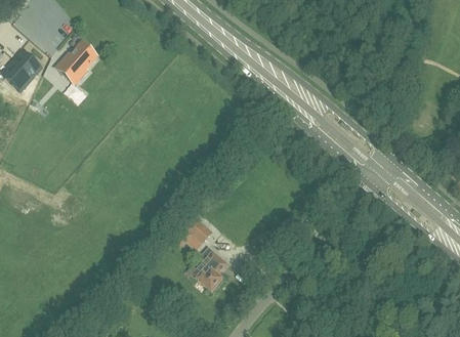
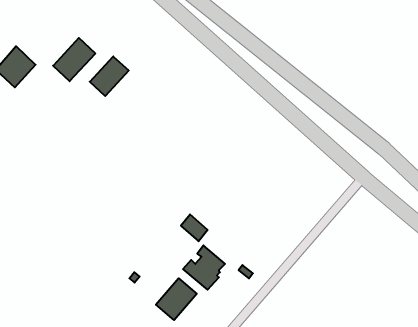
building: none -> [90,56,129,96]
building: none -> [156,278,197,320]

